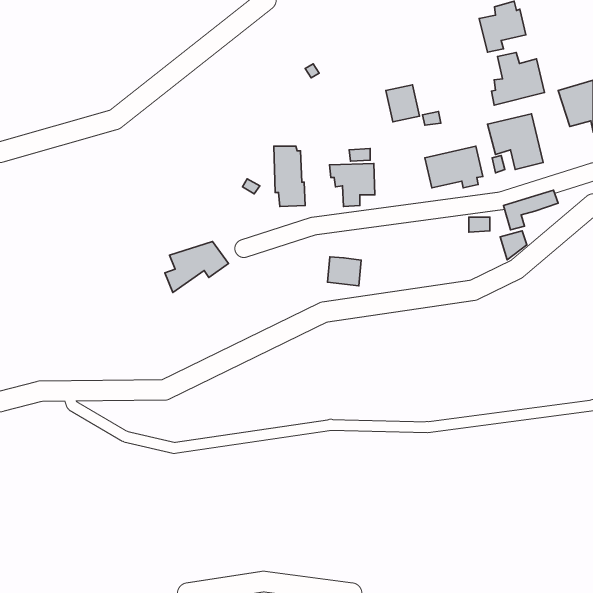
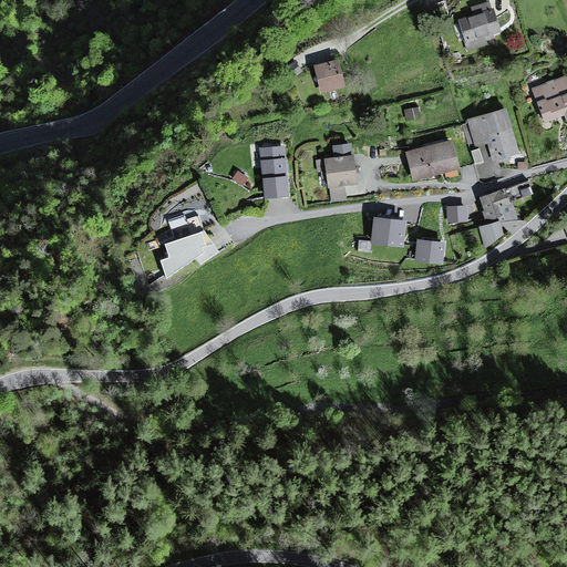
building: [492,53,544,105] -> none
building: [386,85,420,122] -> [316,56,348,92]
building: none -> [416,241,444,264]
building: [328,257,361,286] -> [373,218,405,246]

